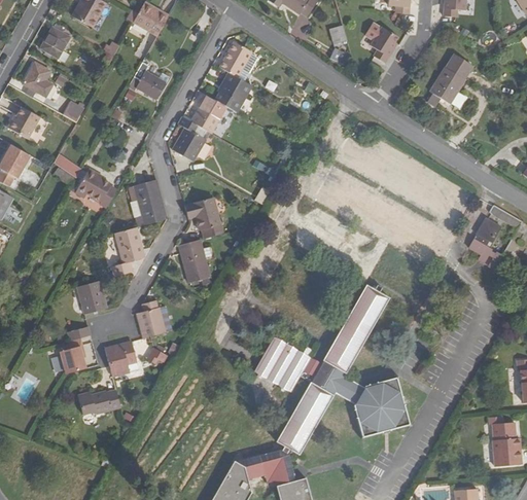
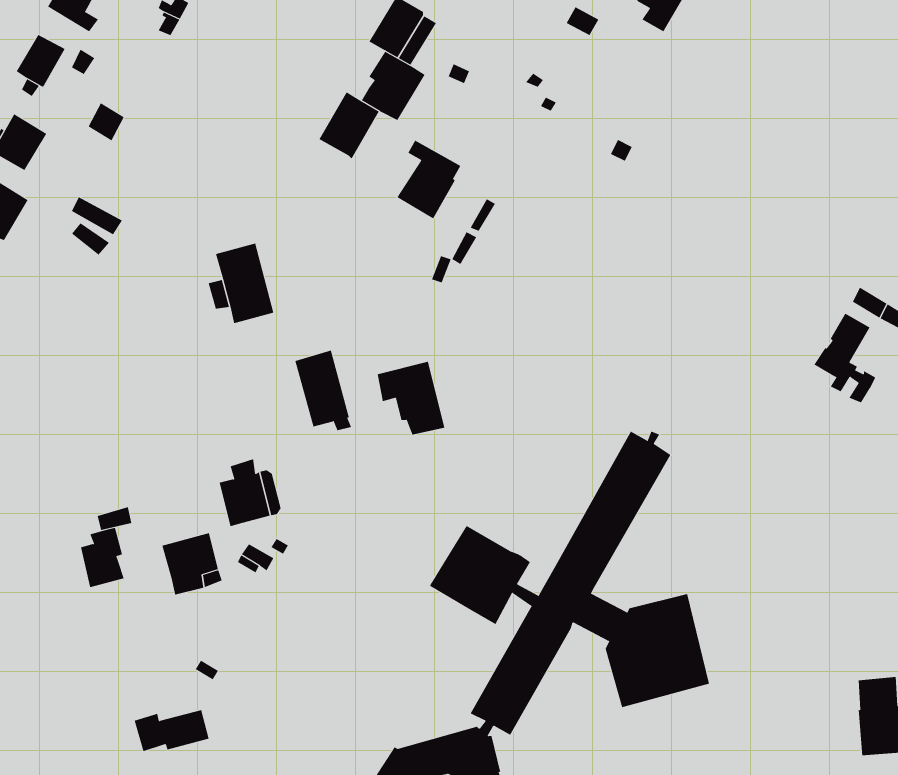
building: [429,53,472,103] -> none
building: [128,62,169,98] -> none
building: [172,116,208,160] -> [396,140,461,219]
building: [75,168,116,207] -> none
building: [184,197,222,238] -> [377,361,445,435]
building: [112,226,143,276] -> none
building: [75,280,106,315] -> none
building: [77,390,119,414] -> [134,709,209,752]

